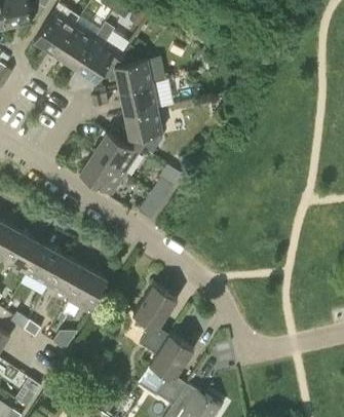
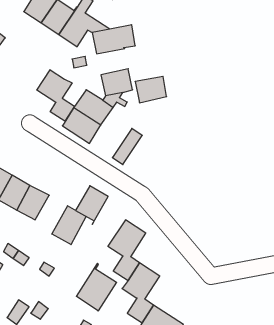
building: [119,84,156,115] -> [135,76,167,103]
building: none -> [37,70,75,121]
building: [47,256,85,301] -> [76,186,108,224]
building: none -> [76,263,117,311]

